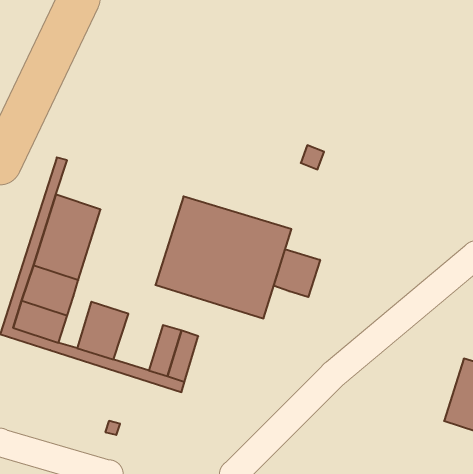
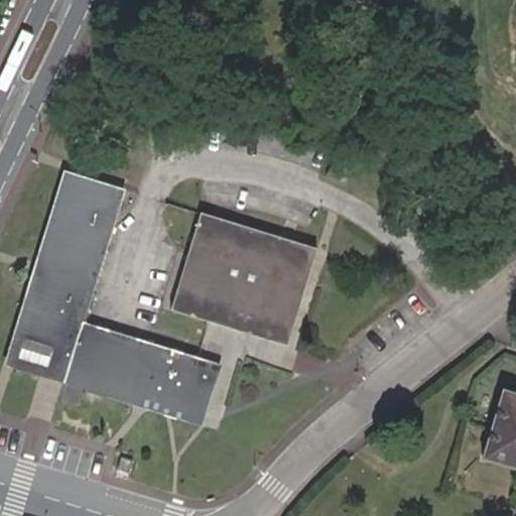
building: none -> [63,173,124,227]
building: [274,249,320,297] -> none
building: none -> [67,320,102,377]
building: none -> [126,340,179,401]

